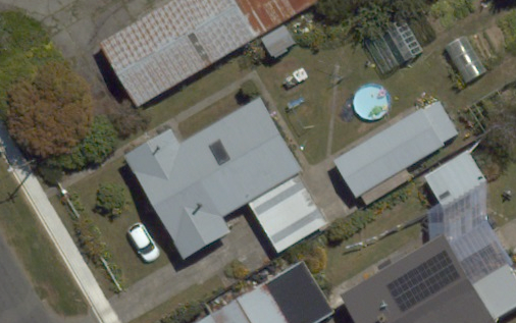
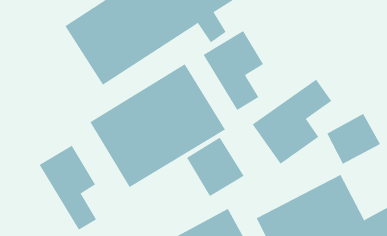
building: none -> [203,30,264,111]
building: none -> [39,145,97,231]

